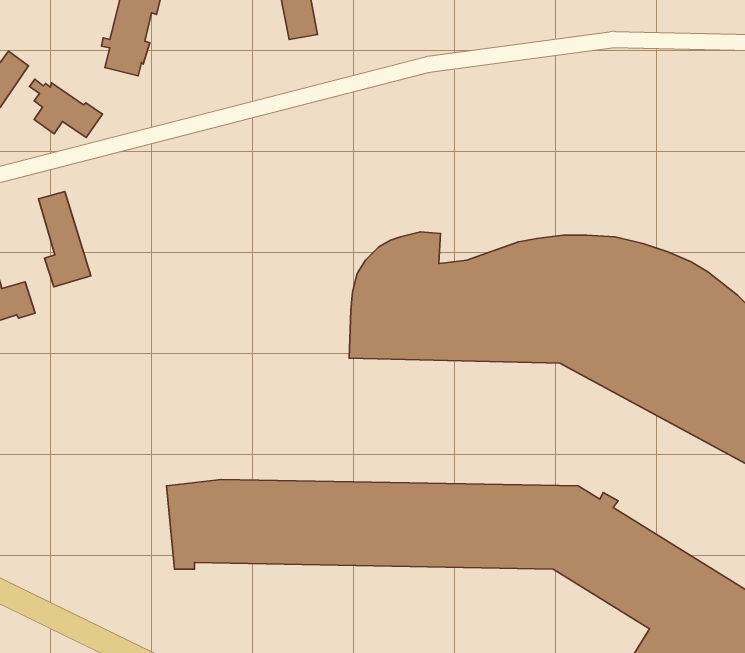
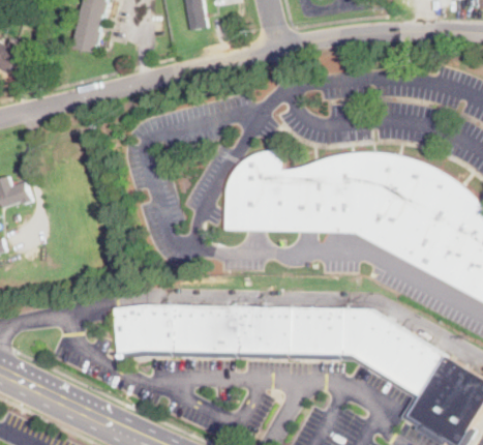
building: [29,79,103,137] -> none
building: [38,191,91,287] -> none

